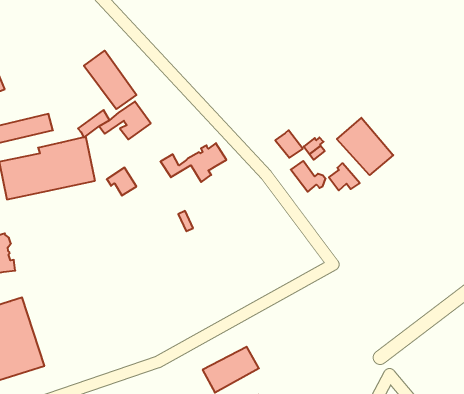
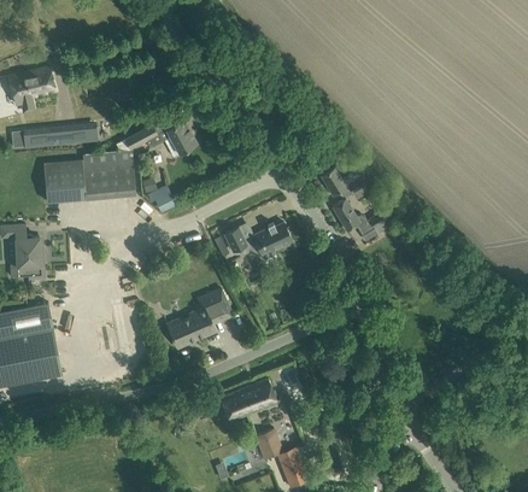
building: [84,51,136,109] -> none
building: [337,118,393,175] -> none
building: [160,143,226,182] -> [225,222,292,259]
building: none -> [169,287,233,347]

